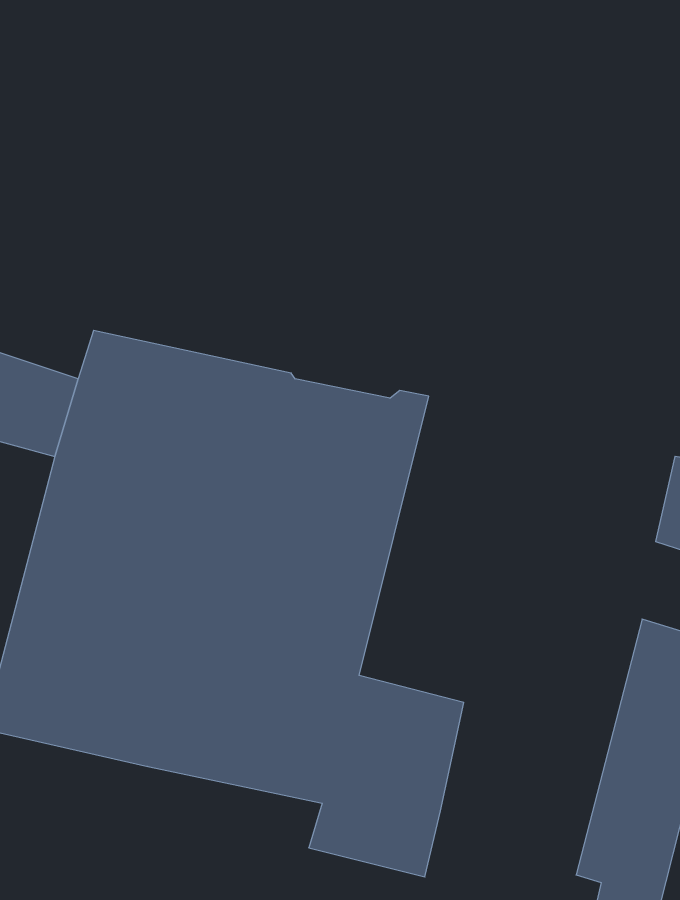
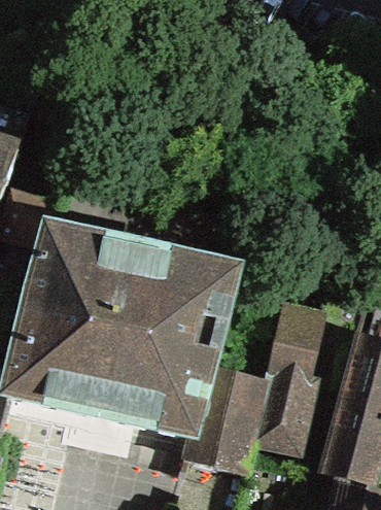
building: none -> [250,314,321,452]

